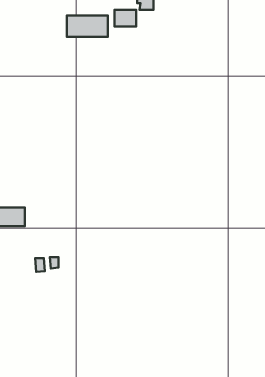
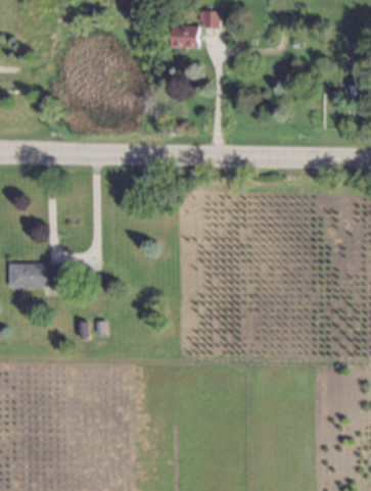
building: [67,16,108,37] -> none

